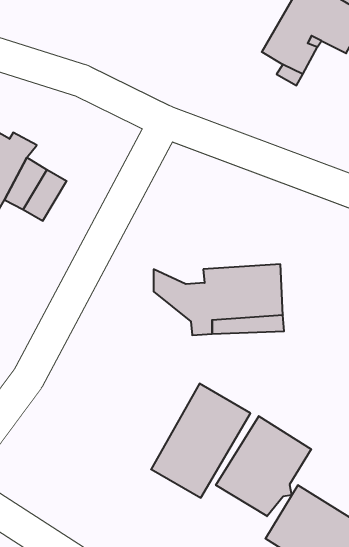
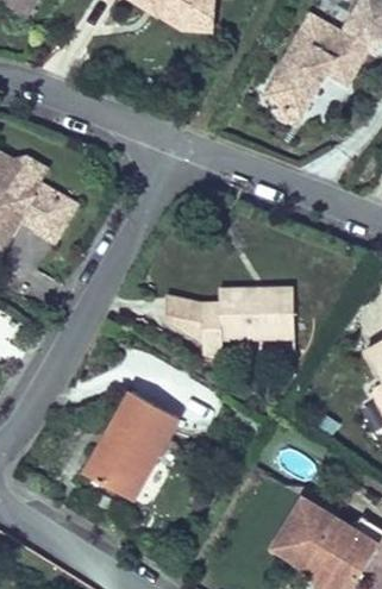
building: [151,384,250,498] -> [83,390,179,500]
building: [216,416,311,516] -> none

